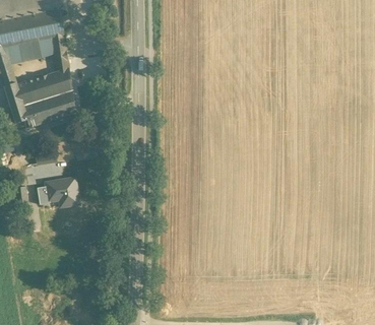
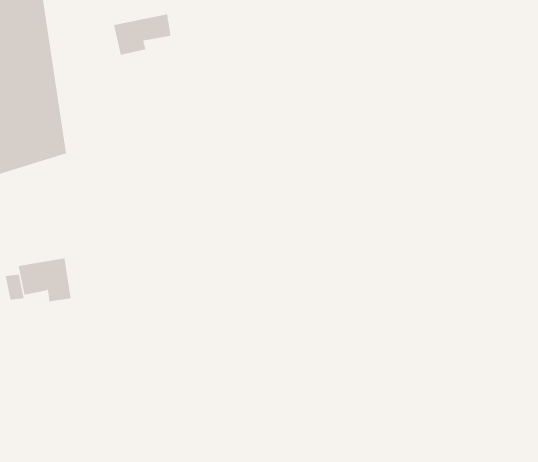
building: none -> [114,14,171,55]

